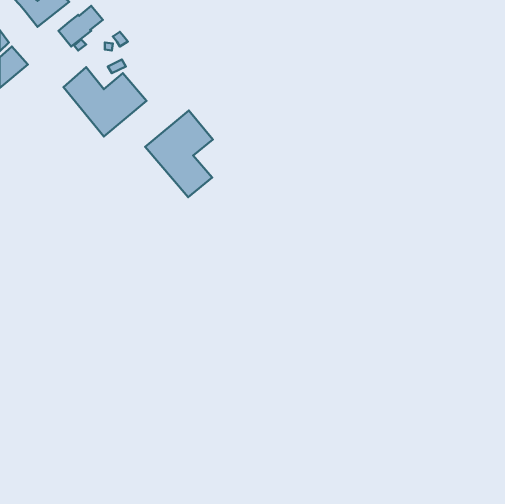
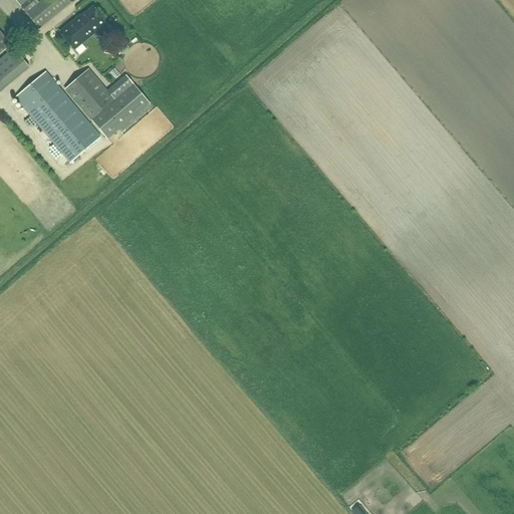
building: none -> [14,70,99,161]
building: [145,110,213,197] -> none

